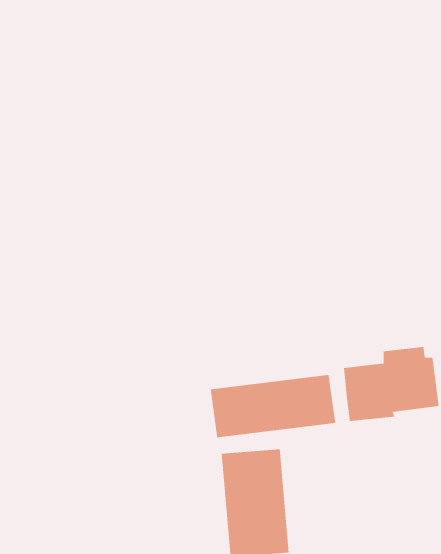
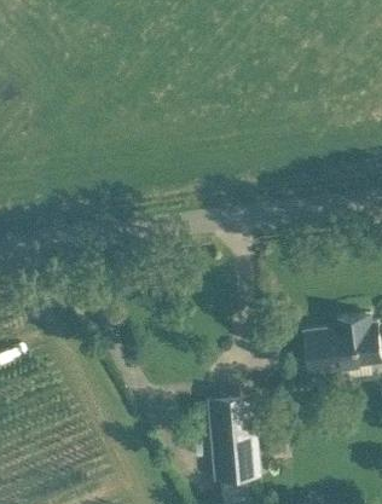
building: [210,374,336,438] -> none

